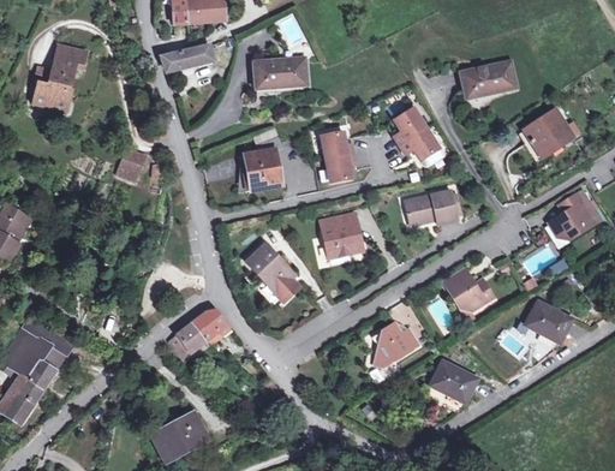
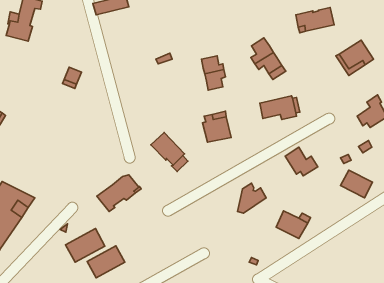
building: [252,58,308,88] -> none
building: [244,149,281,190] -> none
building: none -> [66,229,105,262]

